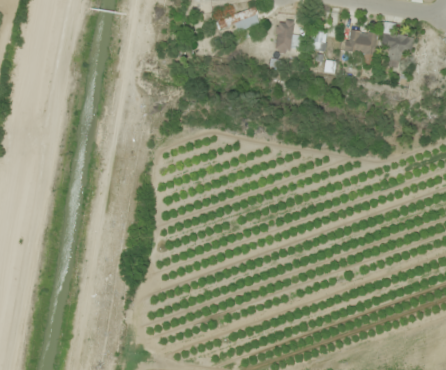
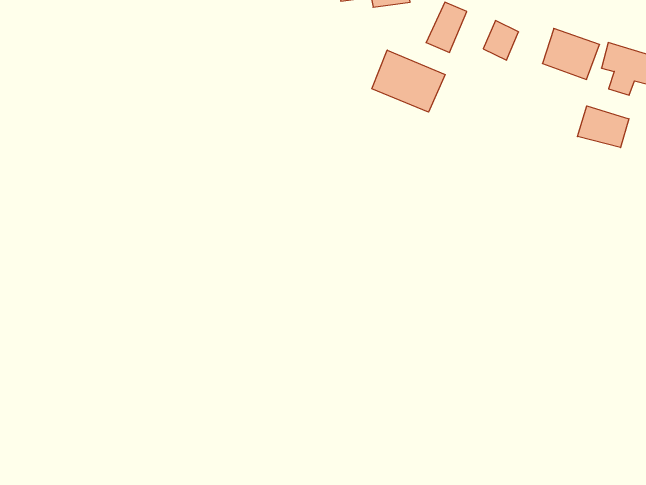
building: none -> [372,50,445,112]
building: none -> [577,106,629,148]

